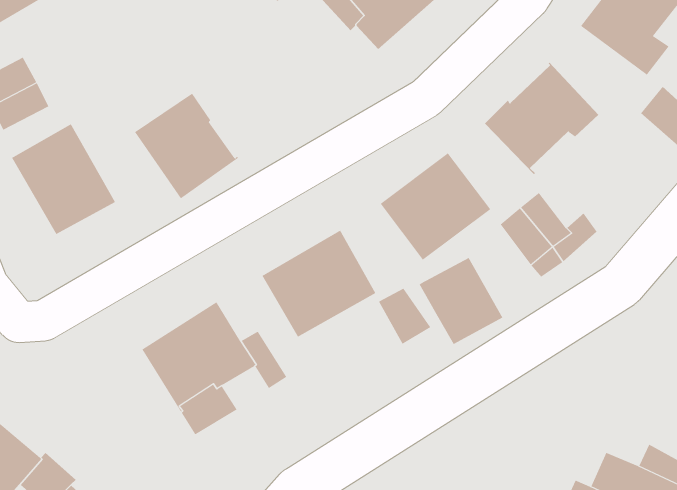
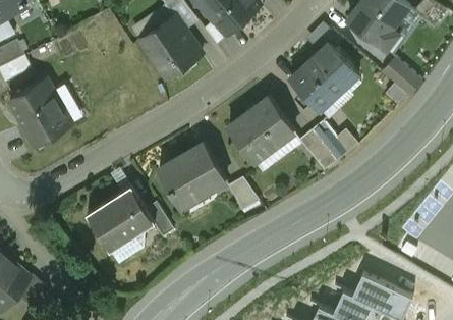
building: [134,93,239,199] -> [139,16,202,79]
building: [419,257,503,345] -> none

